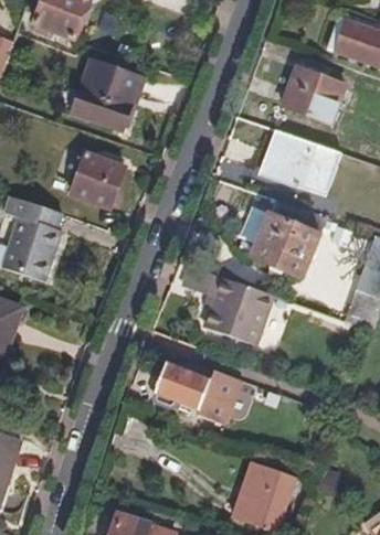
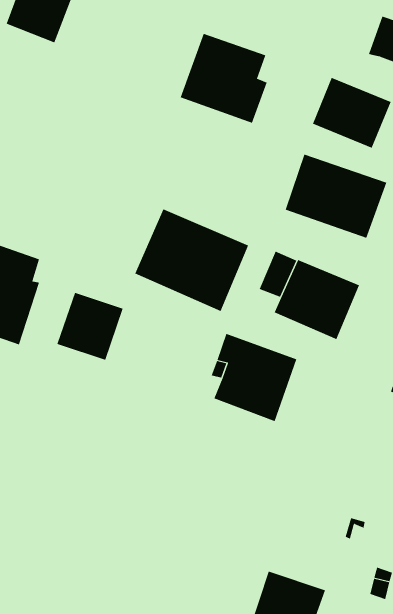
building: [71,61,141,133] -> [180,33,267,124]
building: [71,152,125,207] -> [57,292,124,360]
building: none -> [134,209,249,312]
building: [151,361,241,429] -> none

